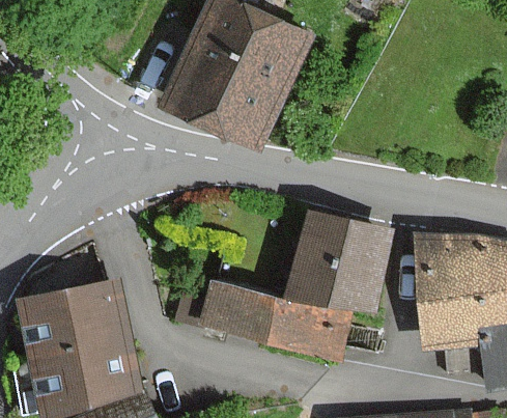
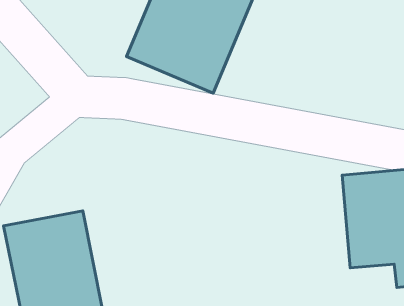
building: [287,208,389,309] -> none
building: [201,280,347,354] -> none

